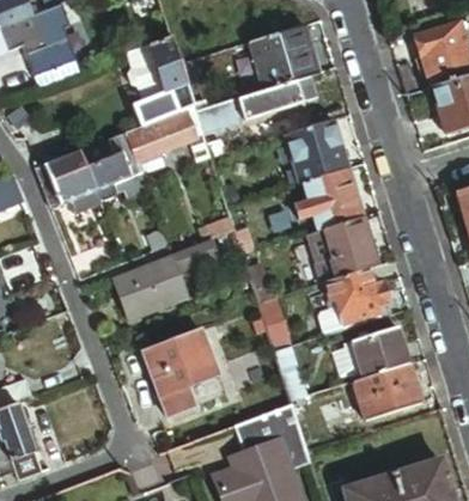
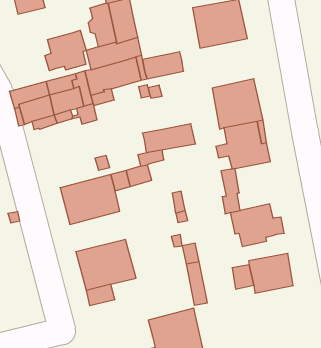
building: [239,78,305,118] -> [142,124,196,152]
building: none -> [45,30,86,71]
building: [322,216,372,280] -> none
building: [360,363,421,417] -> none

